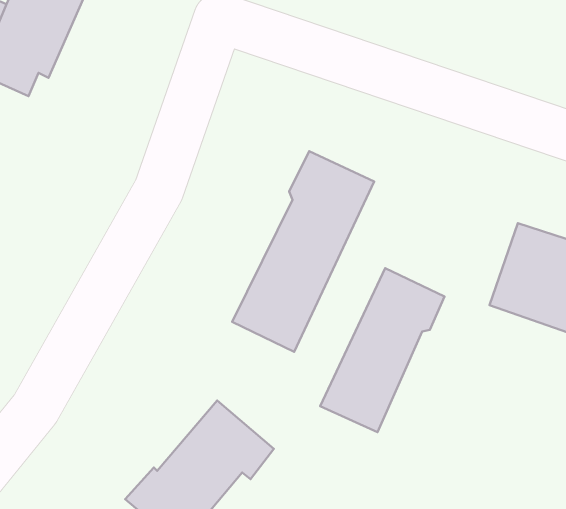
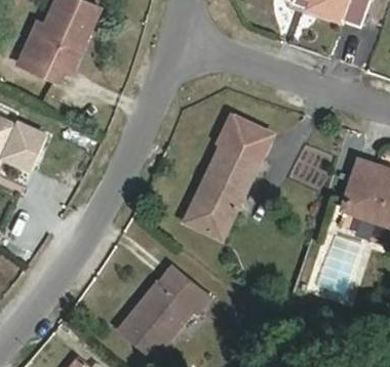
building: [320,268,444,432] -> none

